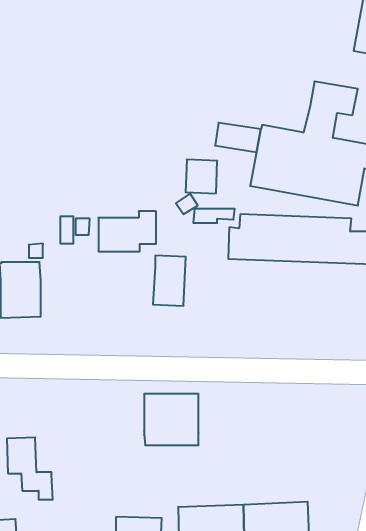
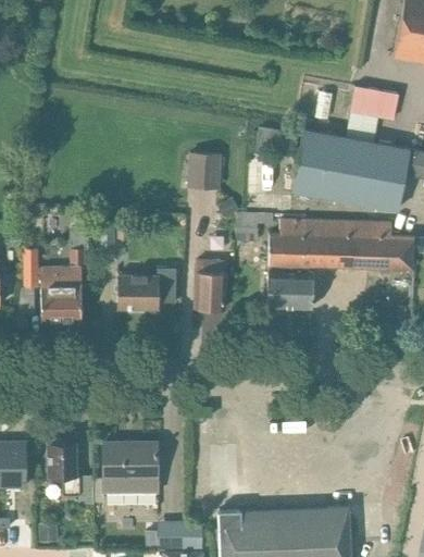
building: [186,160,217,193] -> [187,156,219,189]
building: [98,211,156,251] -> [117,270,175,310]
building: none -> [266,272,314,309]
building: [144,394,199,445] -> [103,443,158,494]

